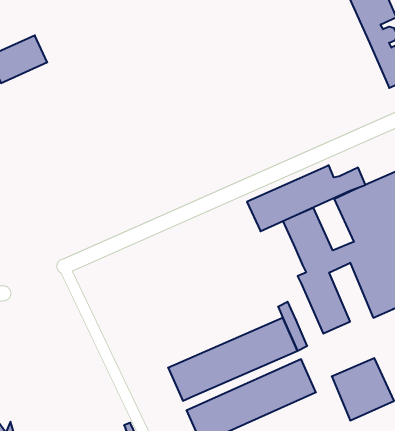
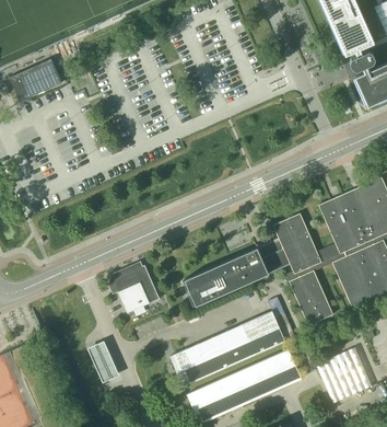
building: [247,165,365,231] -> [184,246,290,305]
building: none -> [114,265,160,312]
building: none -> [89,343,119,382]

